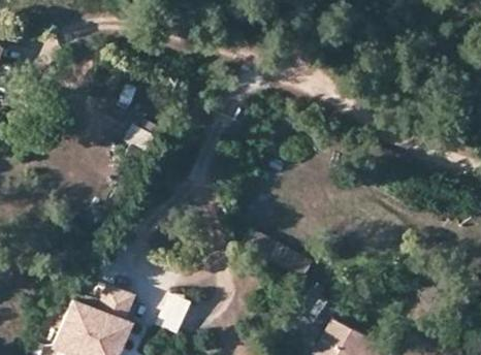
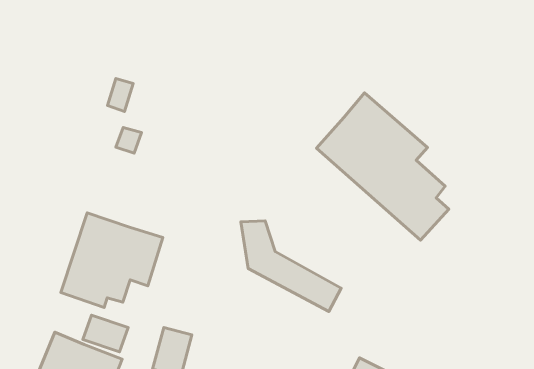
building: none -> [317,93,449,240]
building: none -> [61,213,163,307]

